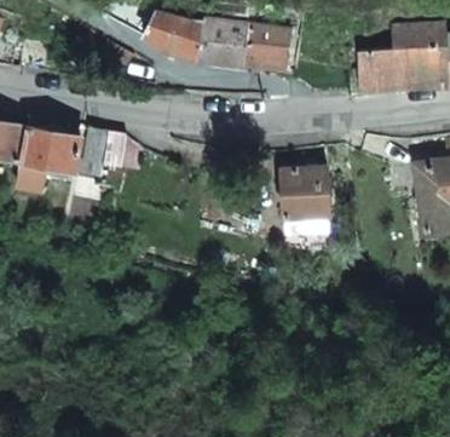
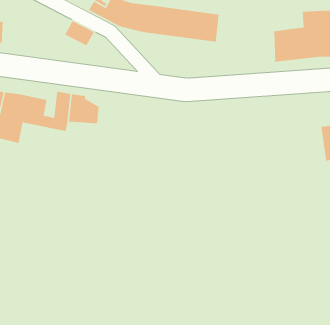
building: [278,165,327,247] -> none

